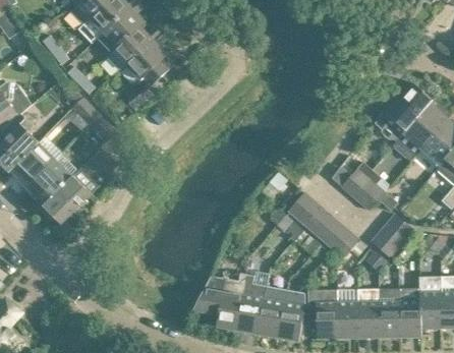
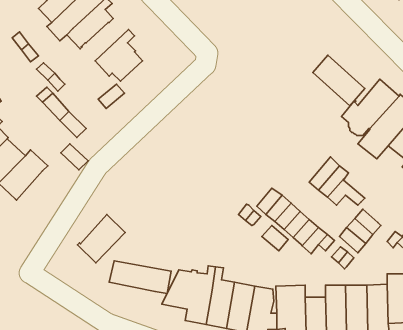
building: [105,24,158,69] -> none
building: none -> [313,55,365,106]
building: [42,174,90,223] -> [78,214,125,263]
building: none -> [109,261,171,293]

